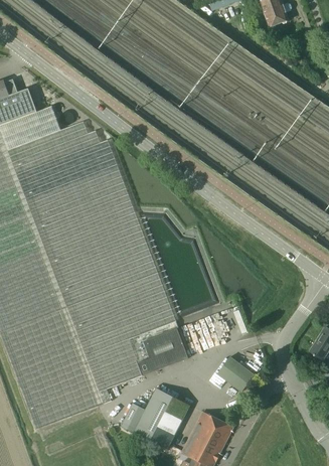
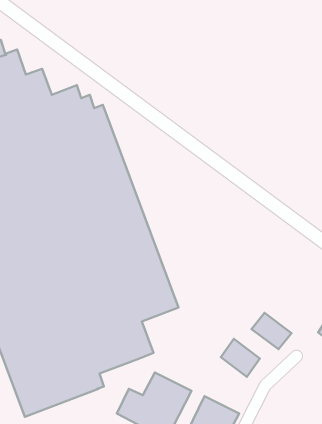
building: [144,327,188,369] -> none
building: none -> [252,313,291,349]

